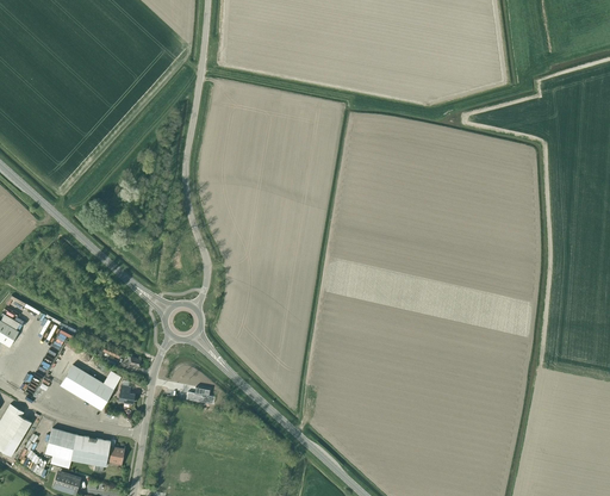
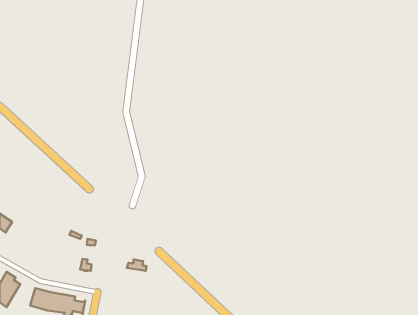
building: [60,364,119,409] -> none

